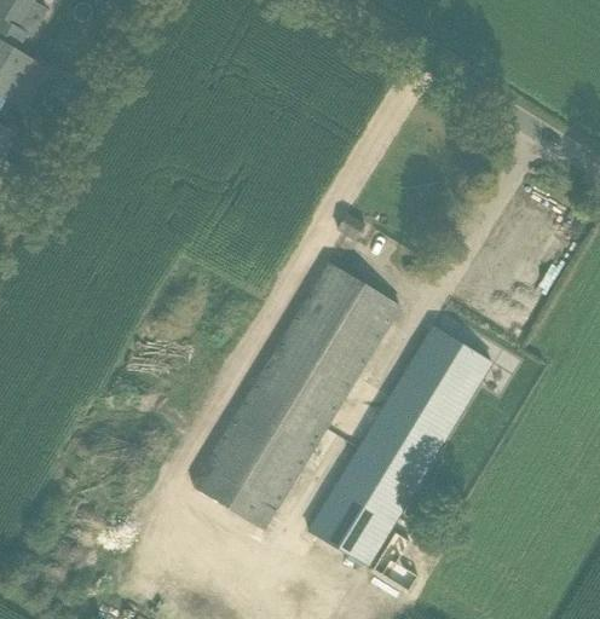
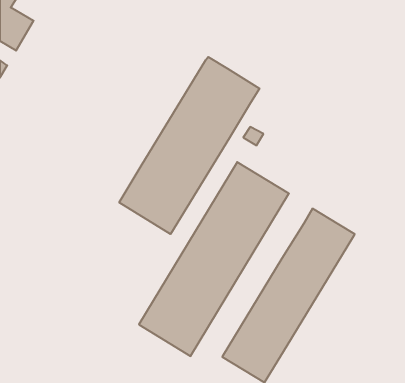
building: none -> [119,57,259,234]

